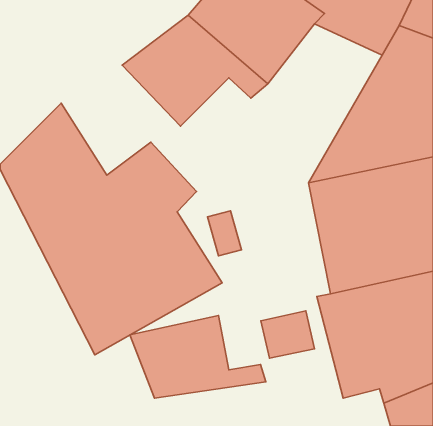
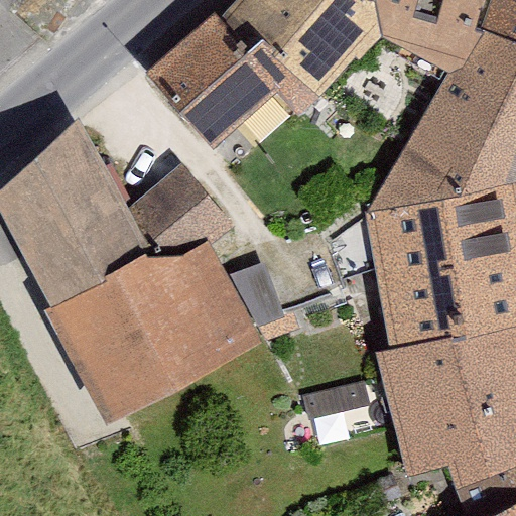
building: [130,315,266,398] -> none

